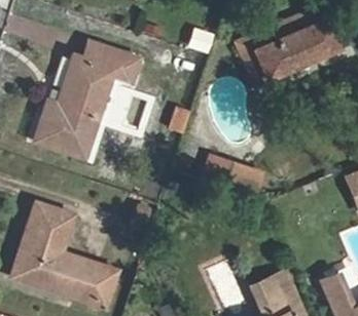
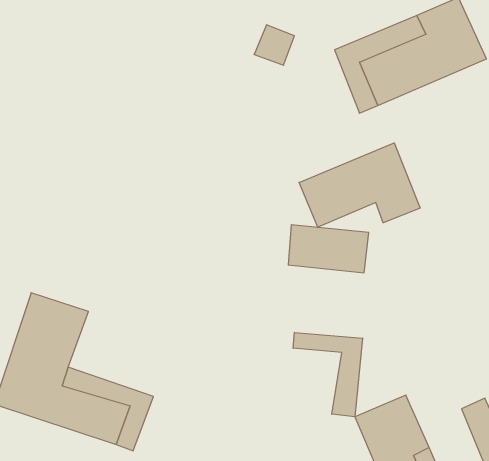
building: [33,42,141,157] -> none
building: none -> [299,143,420,227]
building: none -> [293,332,363,417]

